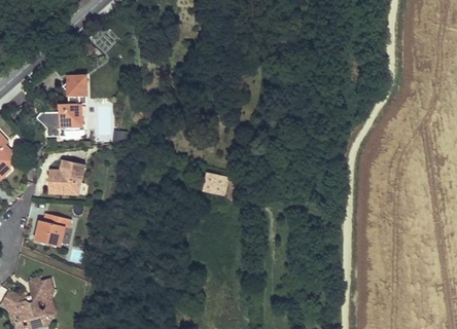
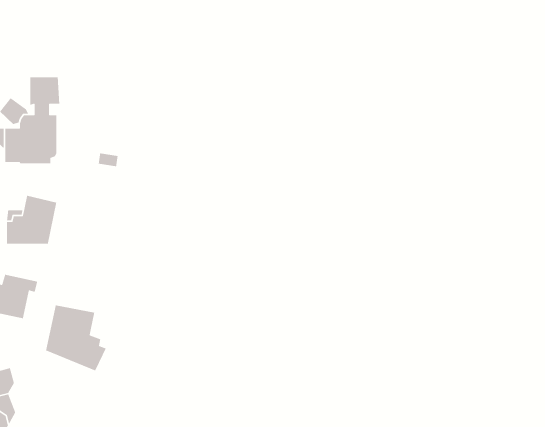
building: [201,173,226,195] -> none
building: none -> [45,305,107,372]

